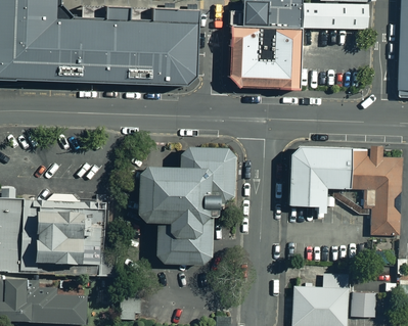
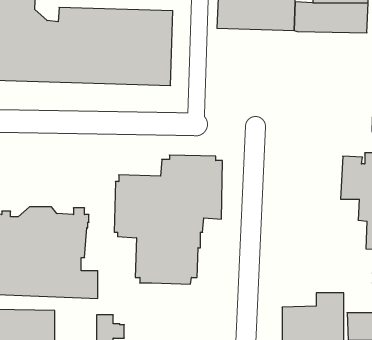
building: [228,28,302,89] -> none
building: [283,140,347,206] -> none

